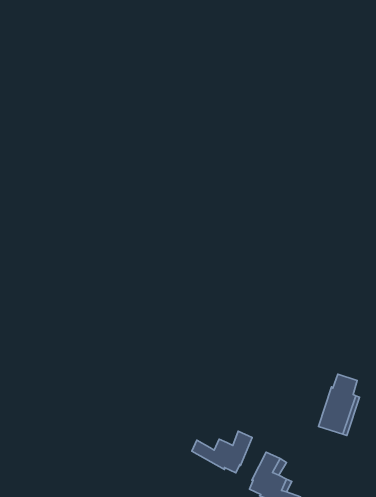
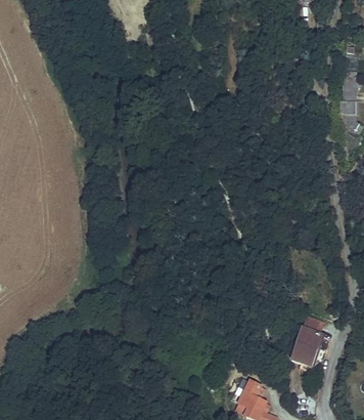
building: [192,431,252,473] -> none

